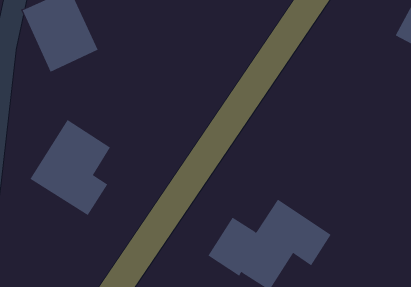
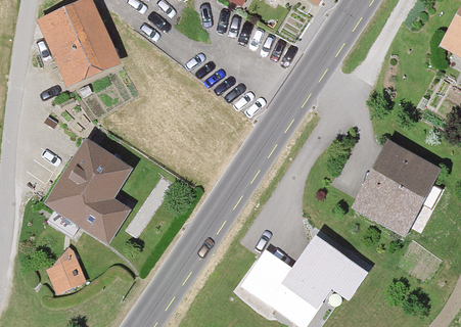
building: none -> [351,141,442,237]
building: none -> [48,246,86,293]

